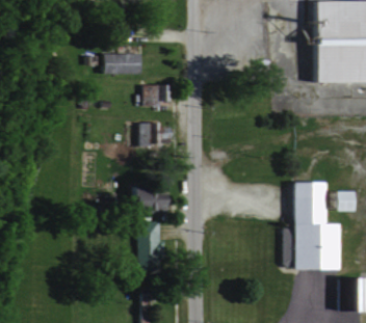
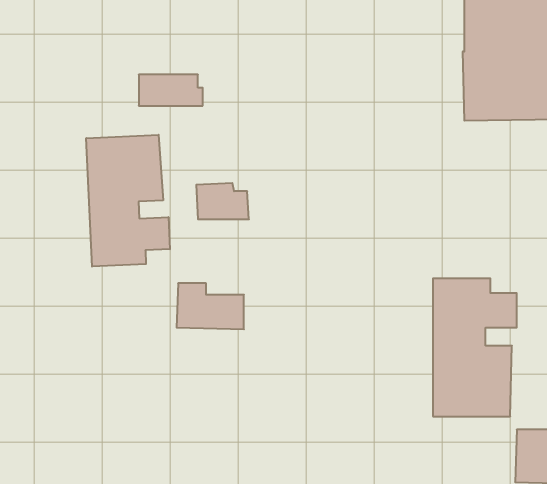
building: [145,84,171,105] -> none
building: none -> [86,135,170,267]
building: [138,221,163,271] -> none

